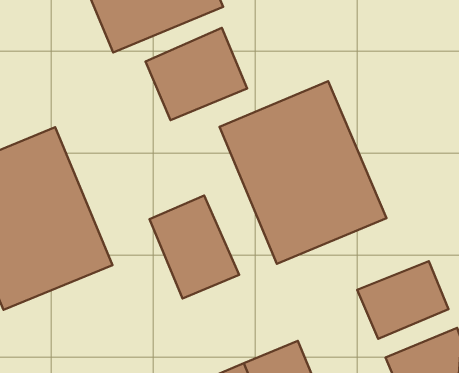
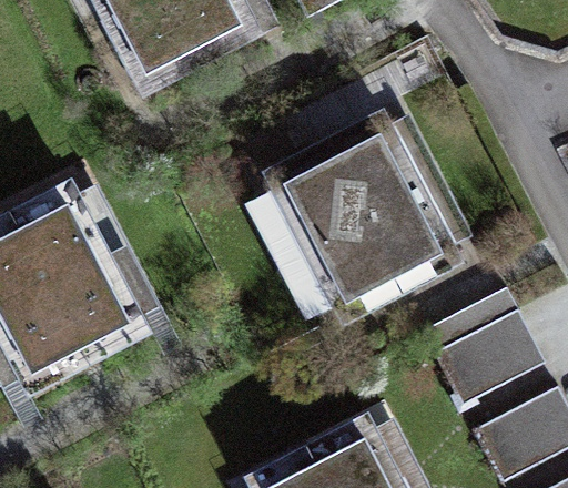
building: [146,28,247,120] -> none
building: [149,196,239,298] -> none

